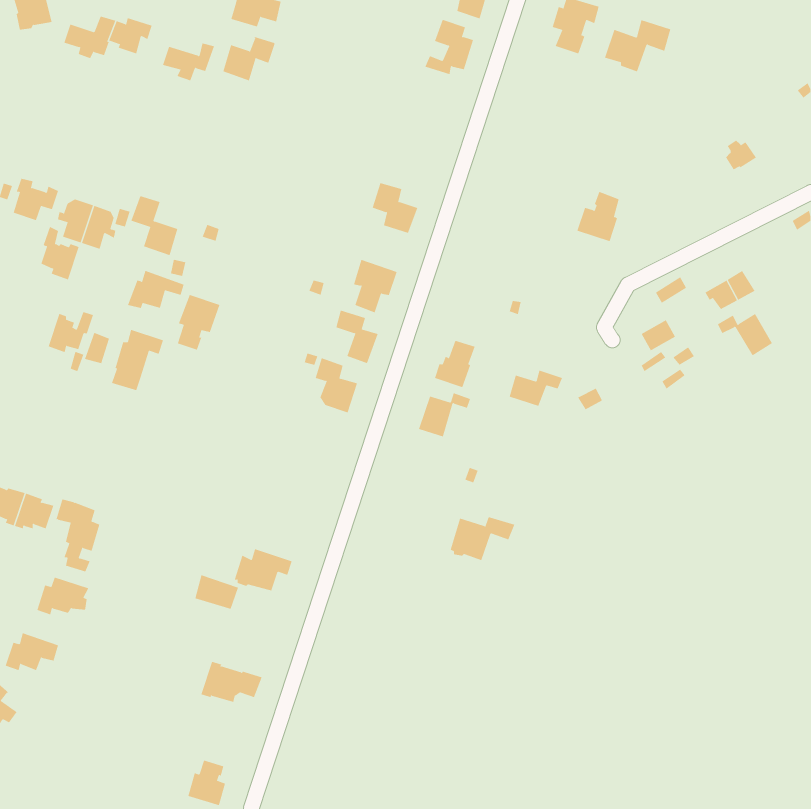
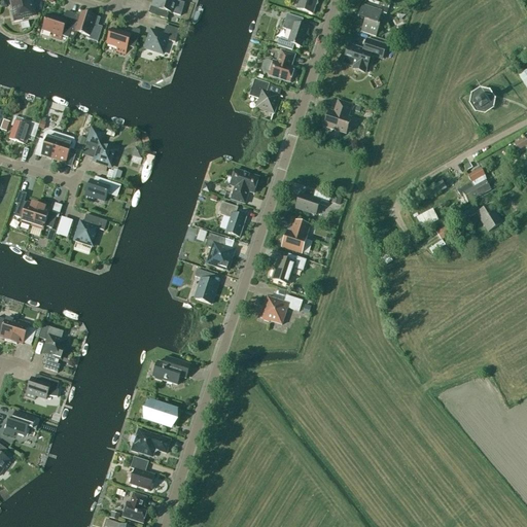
building: [604,20,671,72] -> [342,37,385,71]
building: none -> [260,49,293,81]
building: [372,183,418,233] -> [248,78,278,111]
building: [577,191,620,242] -> [322,99,350,132]
building: [40,226,80,280] -> [12,189,38,224]
building: [177,294,220,350] -> none
building: [509,370,563,407] -> [294,189,329,213]
building: none -> [194,268,216,303]
building: [450,516,515,561] -> [259,294,302,323]
building: [194,575,239,610] -> [147,402,176,425]
building: none -> [129,455,153,489]

